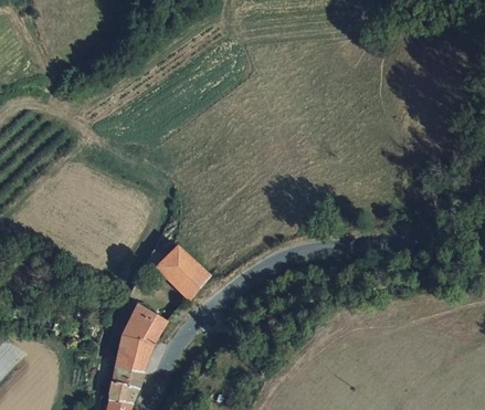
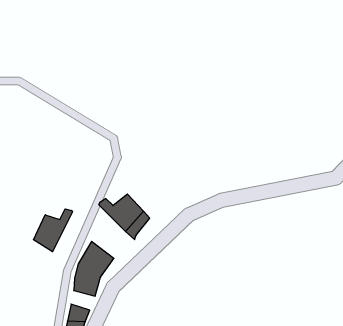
building: none -> [33,209,73,252]
building: [113,365,143,389] -> none

